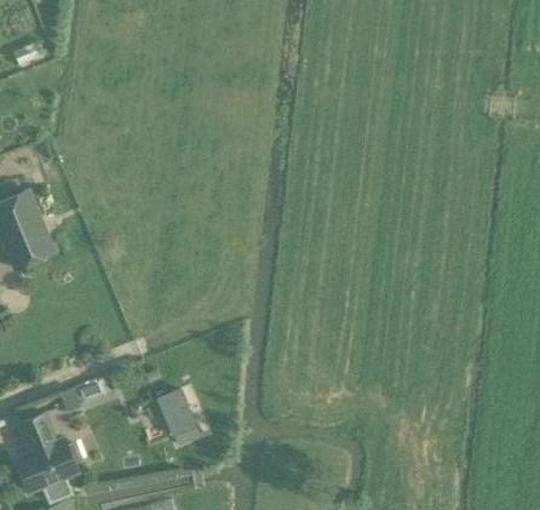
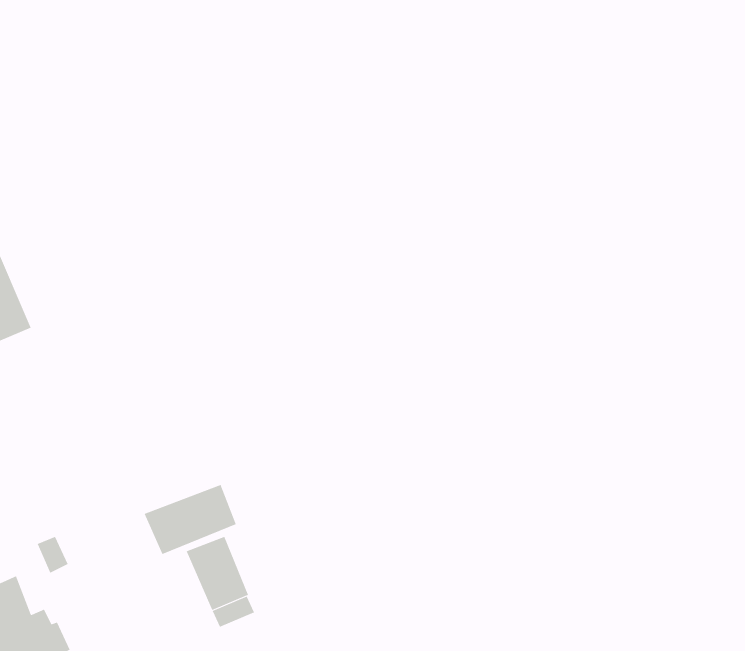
building: none -> [144,484,237,555]

